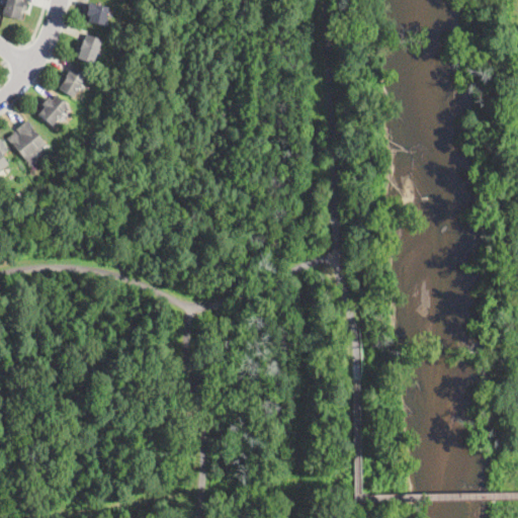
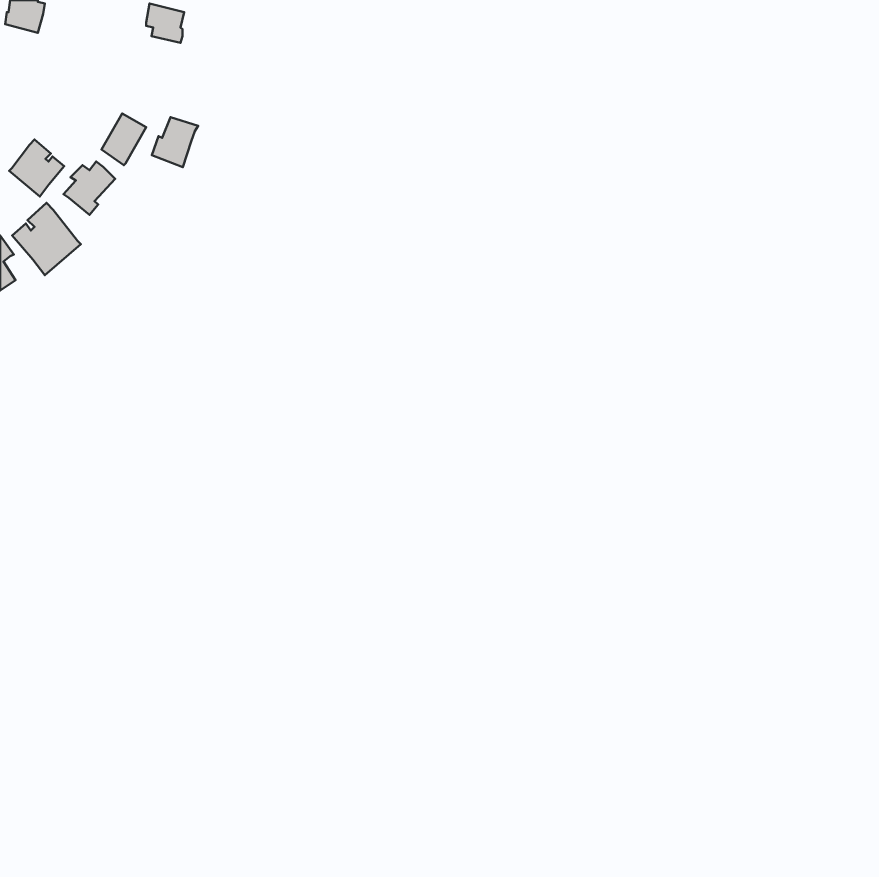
building: [75,35,102,65] -> [152,117,198,167]
building: none -> [9,139,64,196]

